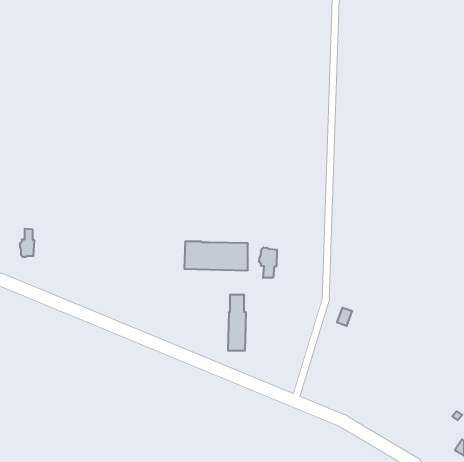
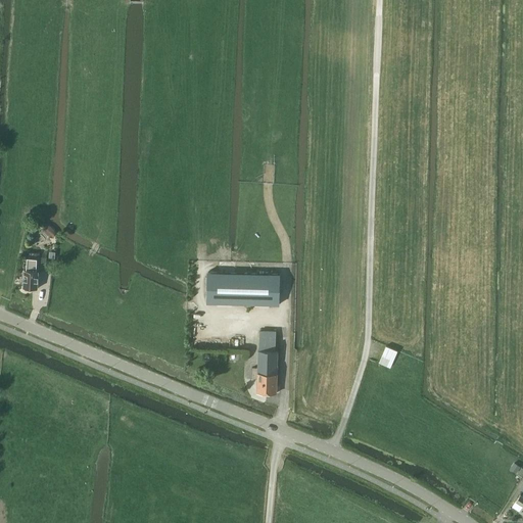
building: [259,247,277,278] -> none

